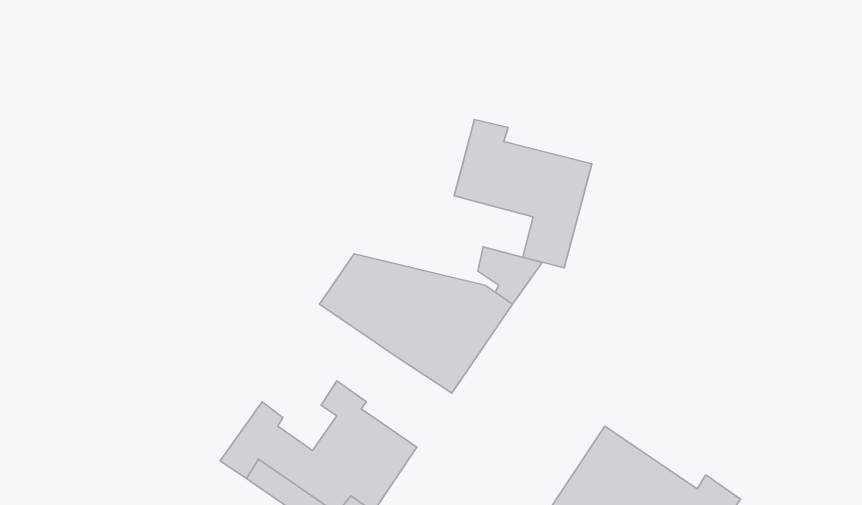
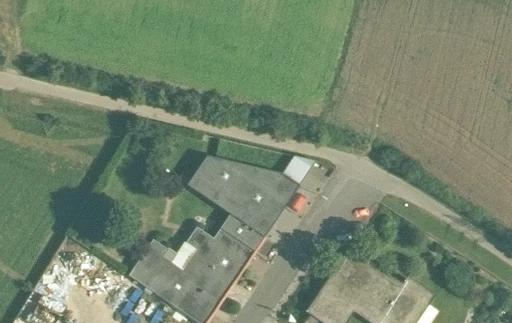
building: [454,119,592,268] -> none
building: none -> [210,215,262,267]

